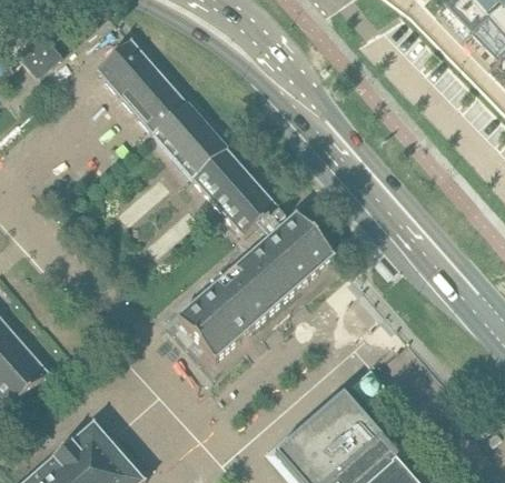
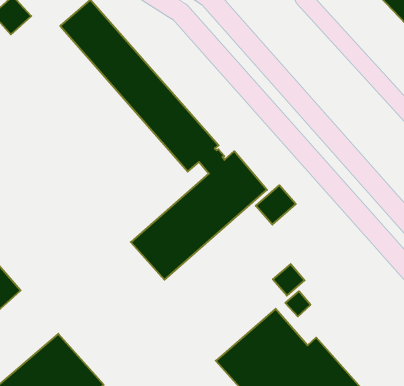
building: none -> [256,185,296,225]
building: none -> [273,264,305,296]

